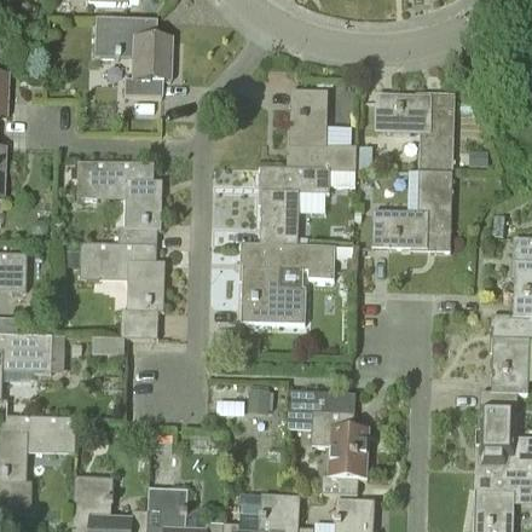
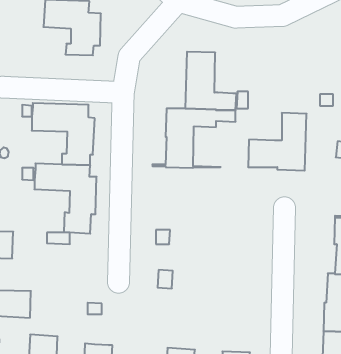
building: [375,92,453,174] -> none
building: [241,245,335,323] -> none
building: [288,389,370,493] -> none

